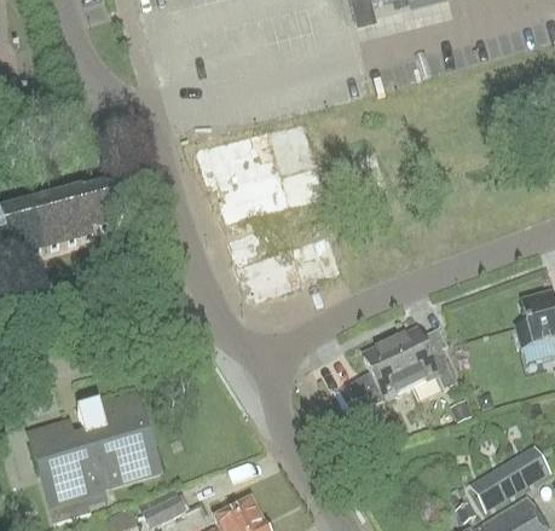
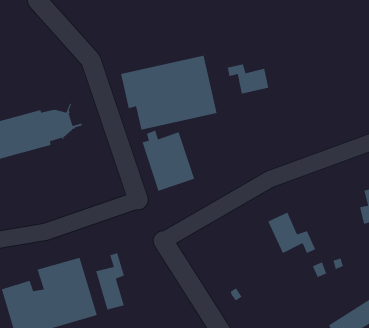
building: none -> [227,63,269,94]
building: [346,342,411,412] -> none
building: none -> [95,252,125,311]

